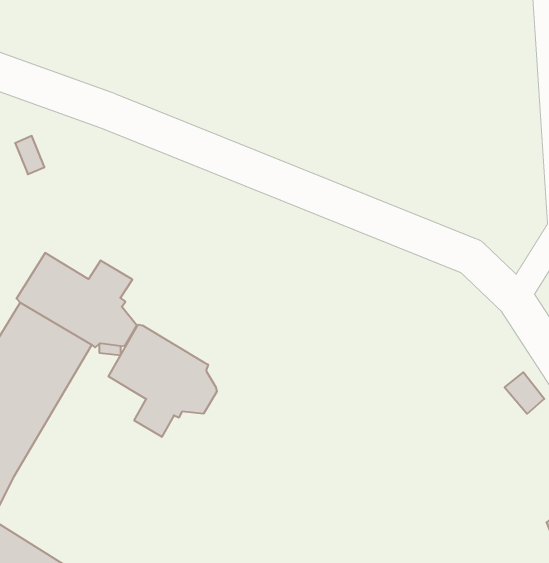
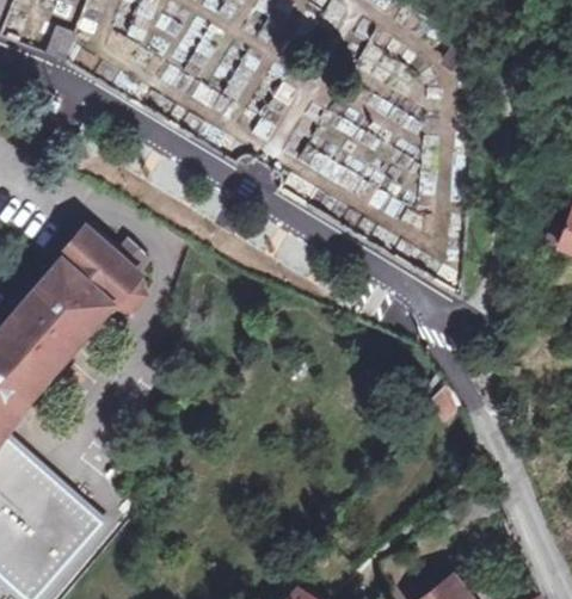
building: [109,325,217,437] -> none

